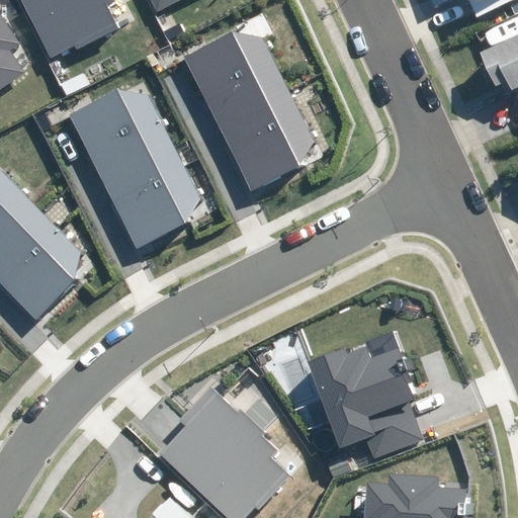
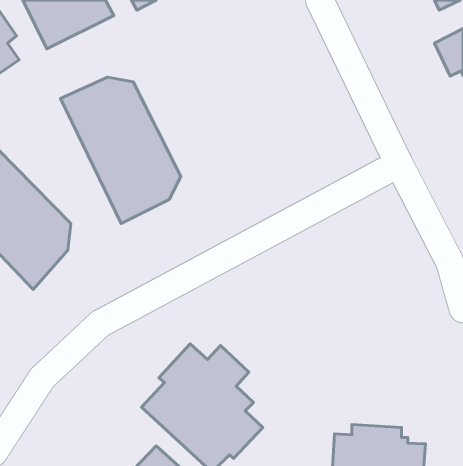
building: [182,31,313,189] -> none
building: [311,345,424,457] -> none

